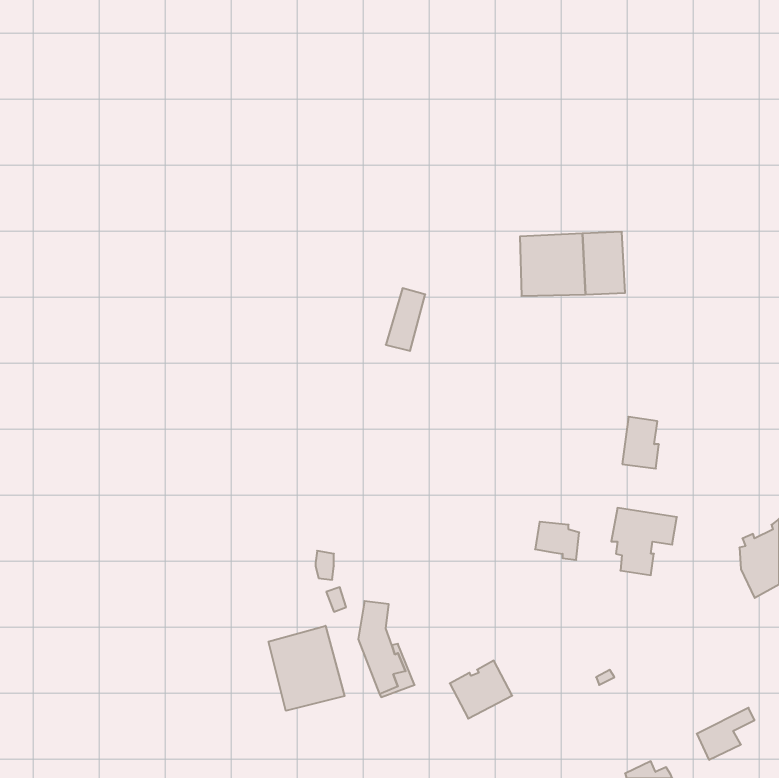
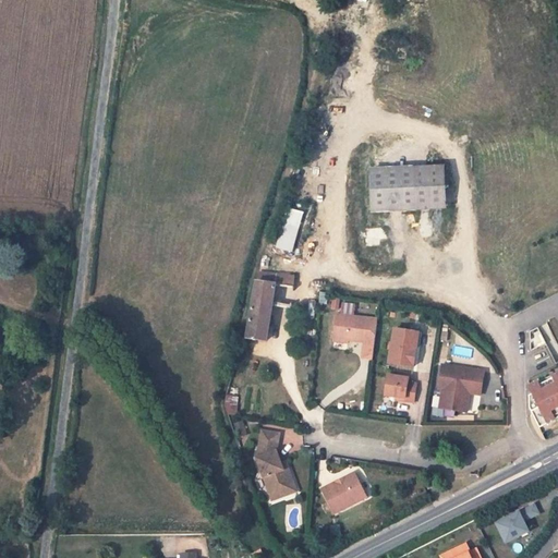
building: none -> [247,281,294,339]
building: [622,417,659,469] -> [387,326,413,363]
building: none -> [332,313,376,345]
building: [269,626,345,711] -> none

